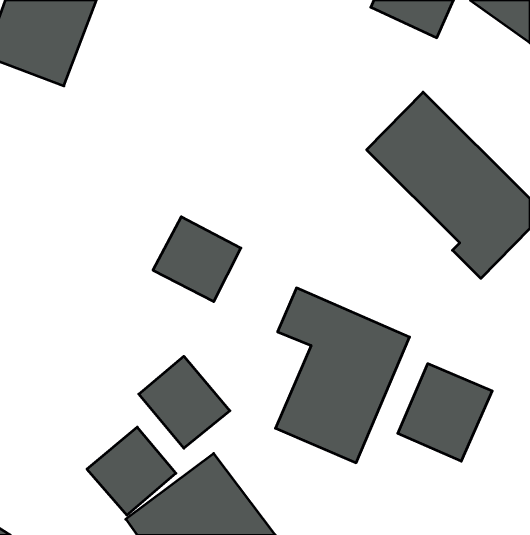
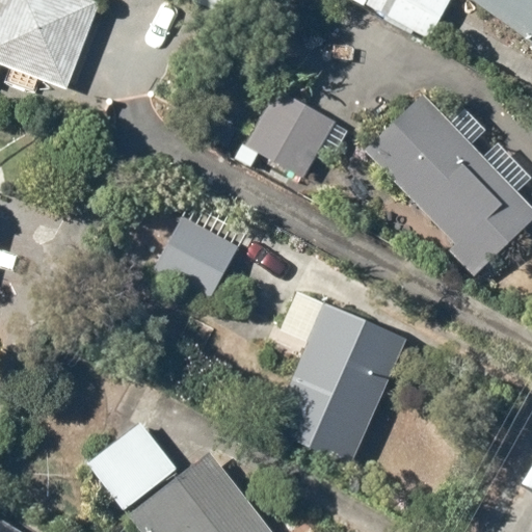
building: none -> [245,86,340,178]
building: [139,356,230,448] -> none
building: [398,364,492,461] -> none

